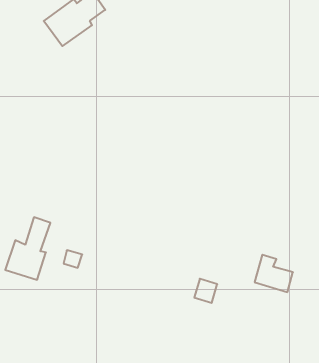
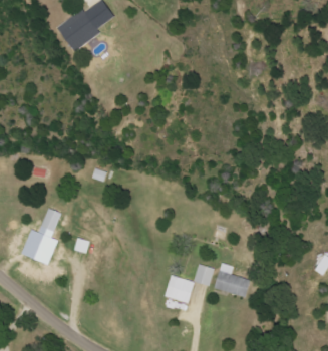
building: [255,255,293,292] -> [214,263,249,297]
building: none -> [165,276,193,302]

